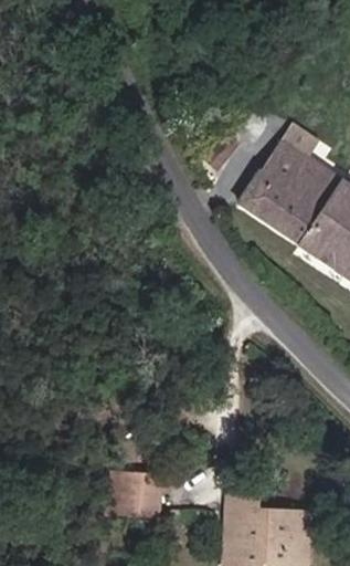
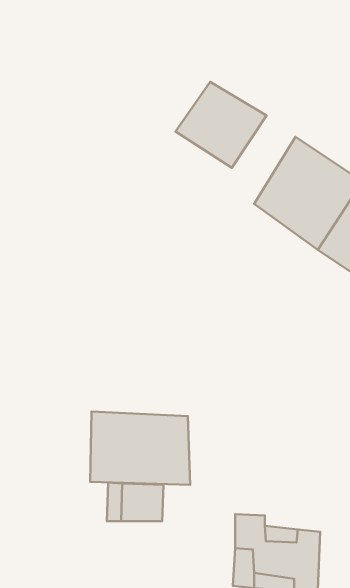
building: none -> [175,82,266,168]
building: none -> [90,411,190,485]

